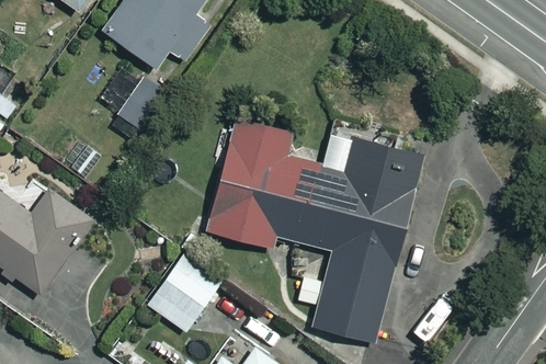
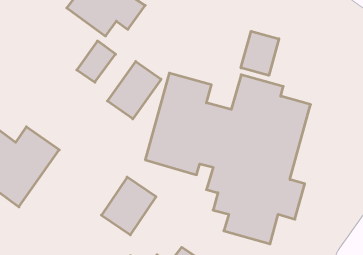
building: none -> [241,31,279,75]
building: none -> [107,61,161,119]

